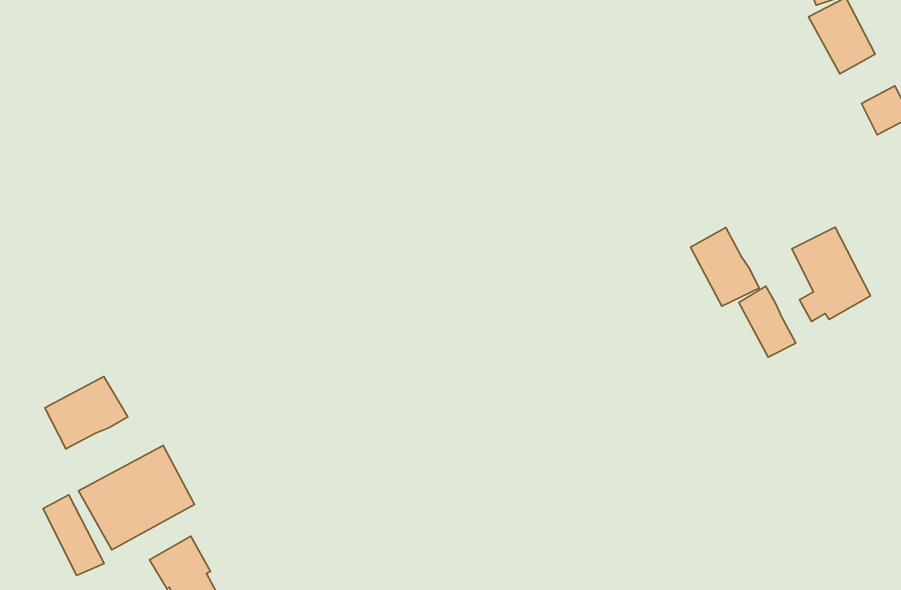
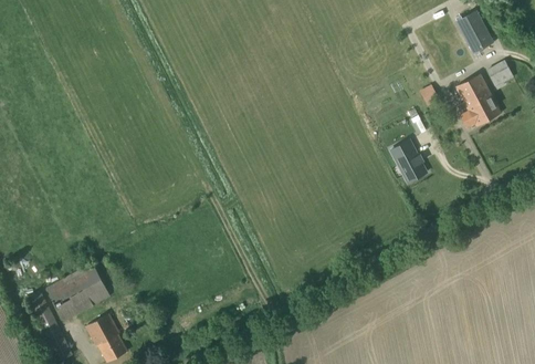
building: [792,227,870,321] -> [457,74,501,127]
building: [739,286,796,357] -> none
building: [45,376,128,449] -> none

